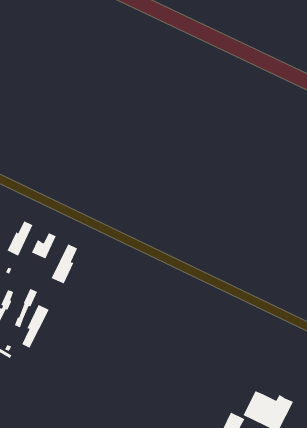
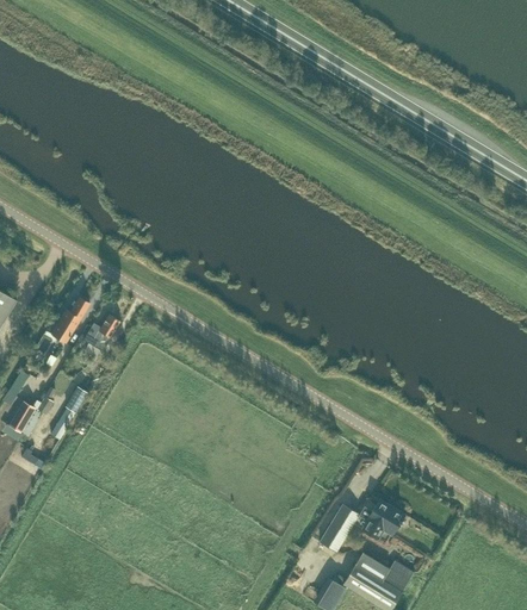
building: [51,243,78,285] -> none
building: [21,304,50,349] -> none
building: none -> [318,499,403,552]

